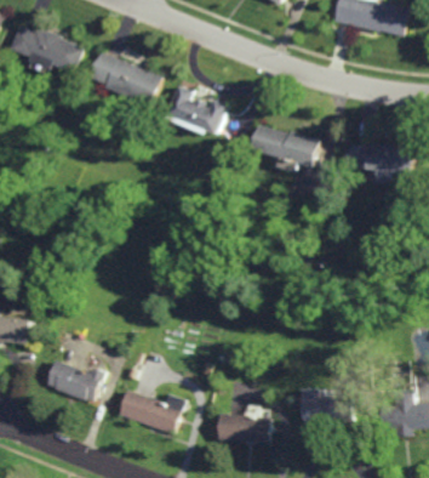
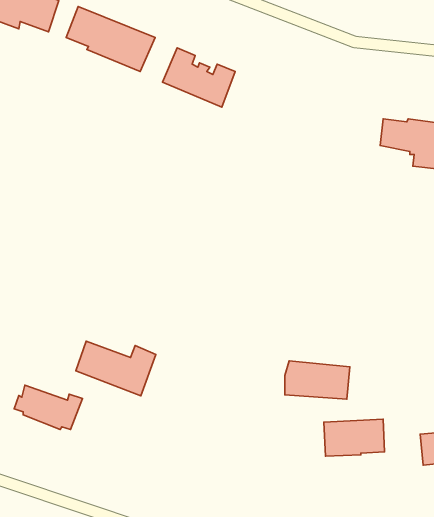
building: [251,127,318,175] -> none
building: [120,388,185,433] -> [76,341,156,396]
building: [216,410,269,442] -> [285,361,350,399]

